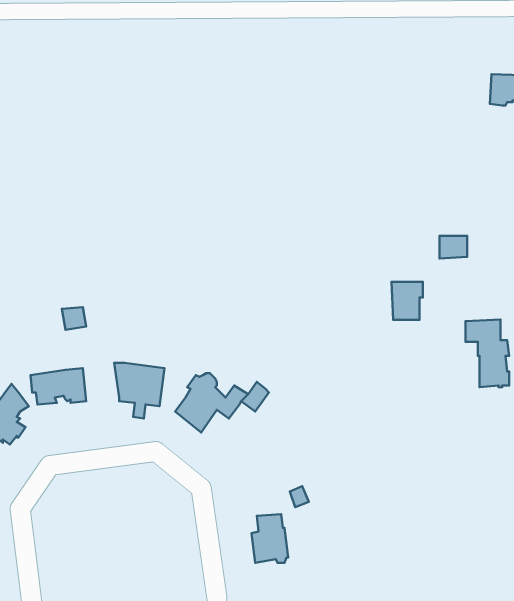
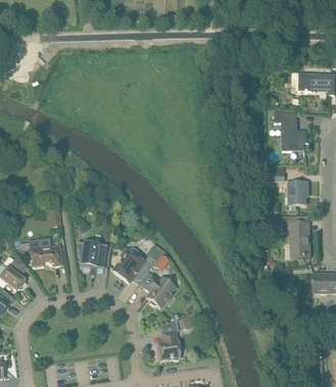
building: none -> [274,110,306,150]
building: [392,282,423,320] -> [289,182,307,204]
building: none -> [143,275,176,306]

